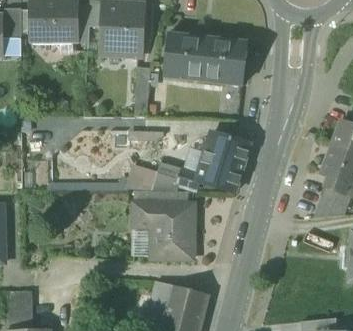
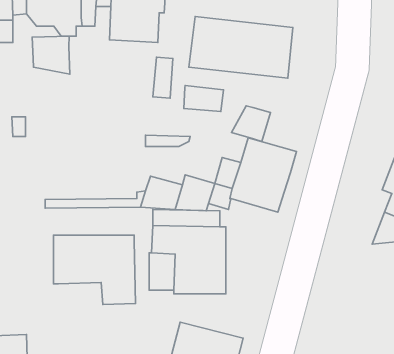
building: none -> [32,36,70,74]
building: none -> [184,85,223,111]
building: none -> [232,106,270,142]
building: none -> [54,235,136,305]

